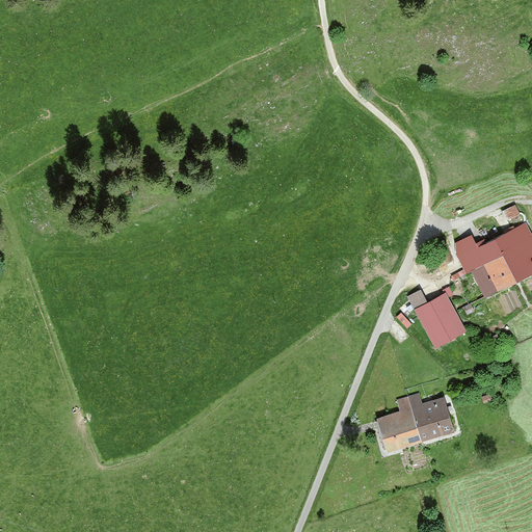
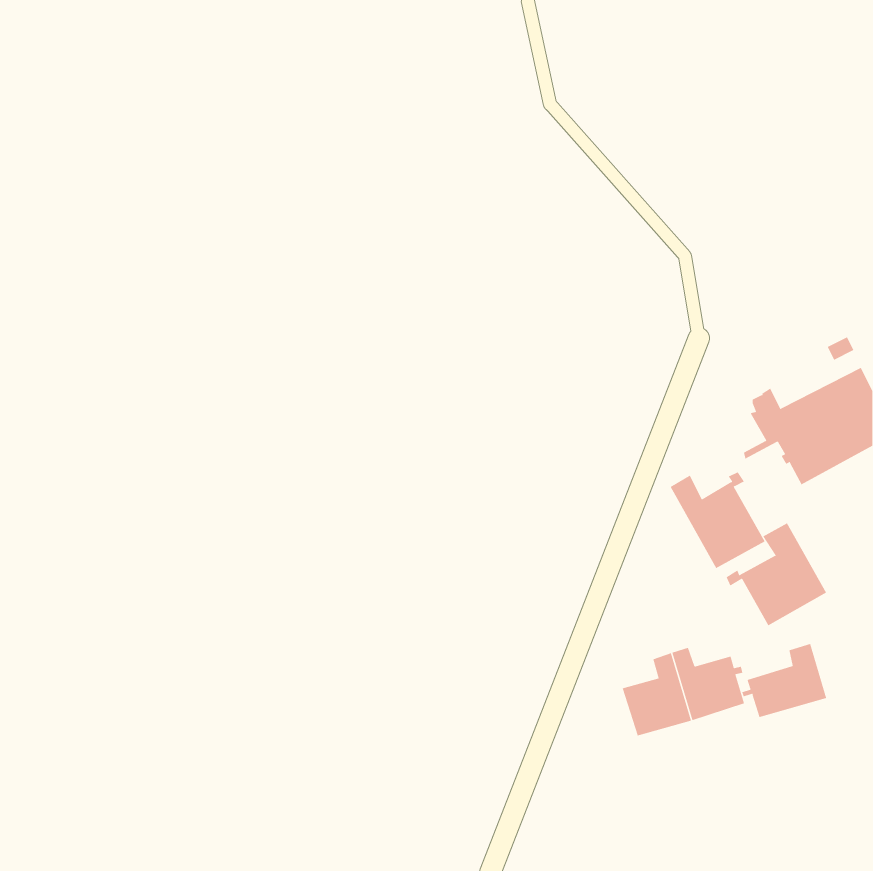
building: none -> [726,523,827,626]
building: none -> [741,643,827,718]

